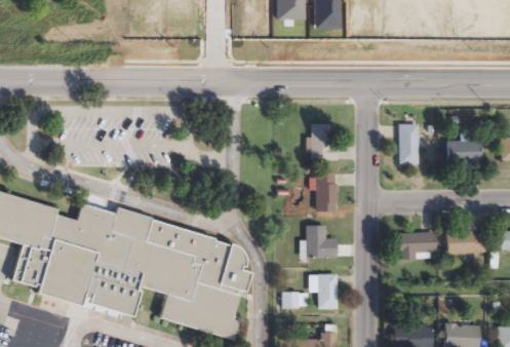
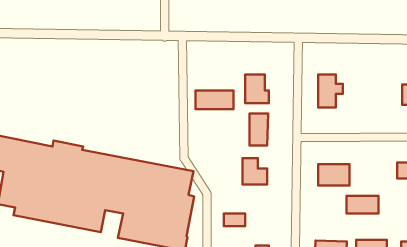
building: [445,141,481,162] -> none
building: none -> [196,90,234,109]
building: [445,232,484,254] -> [346,196,379,214]
building: [319,274,339,308] -> none

